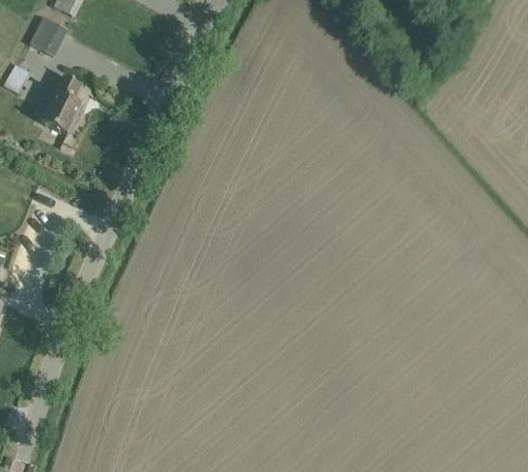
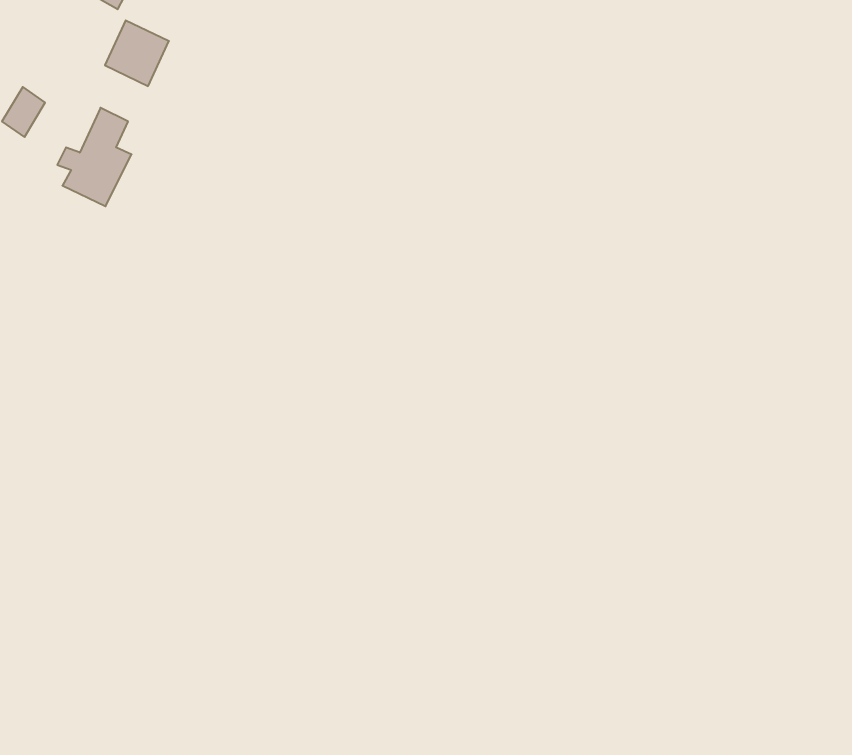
building: [31,12,70,52] -> [105,20,169,86]

